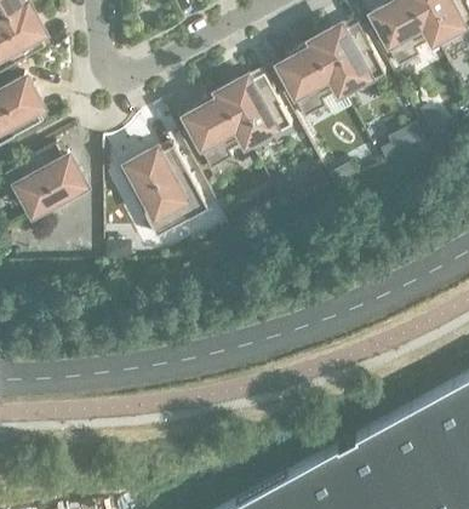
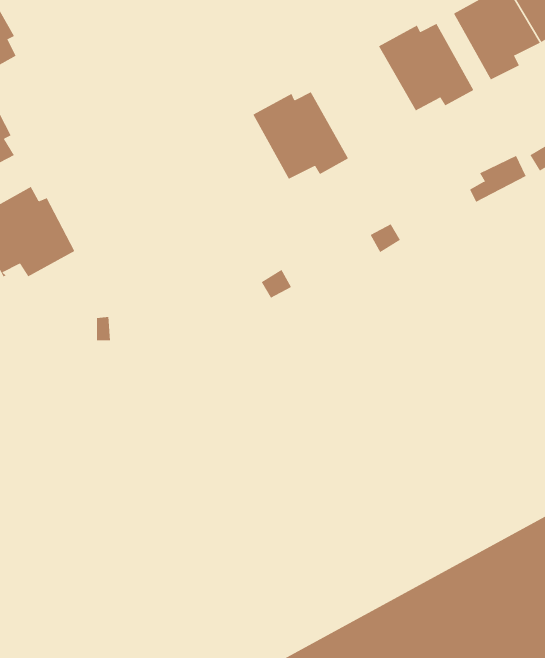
building: [276,40,342,118] -> none
building: [183,91,247,168] -> none
building: [119,145,208,236] -> none

